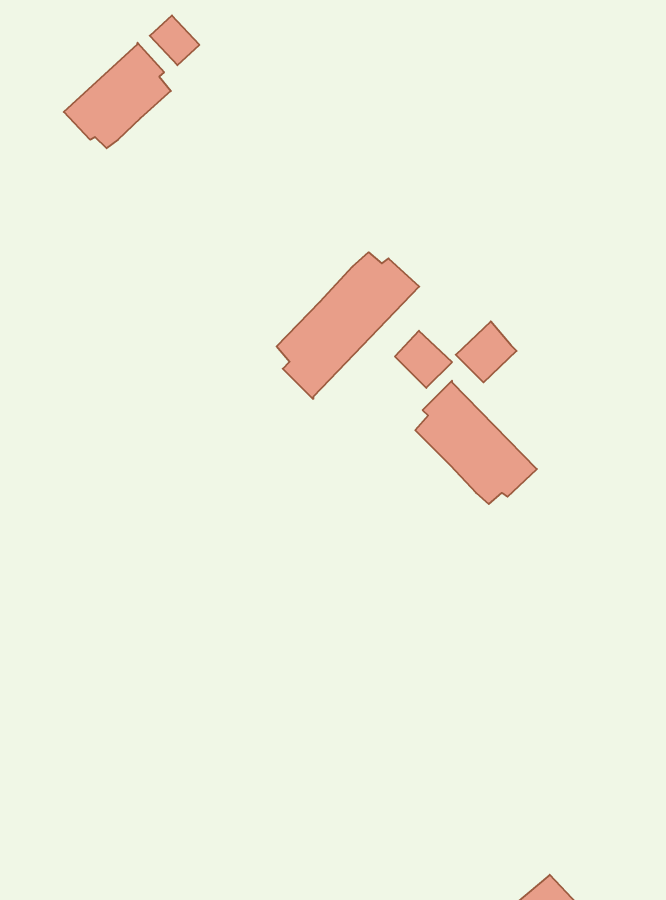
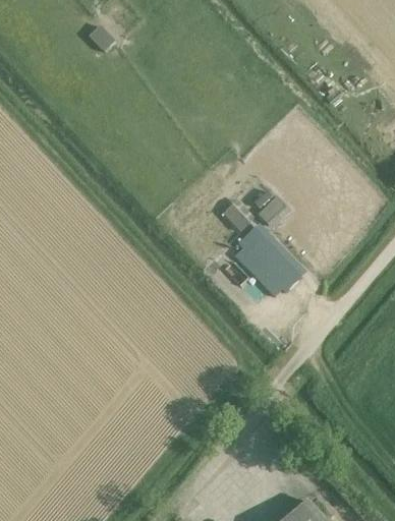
building: [64,43,171,148] -> none
building: [277,252,419,399] -> none

